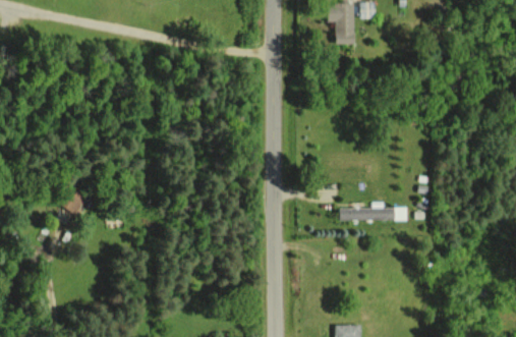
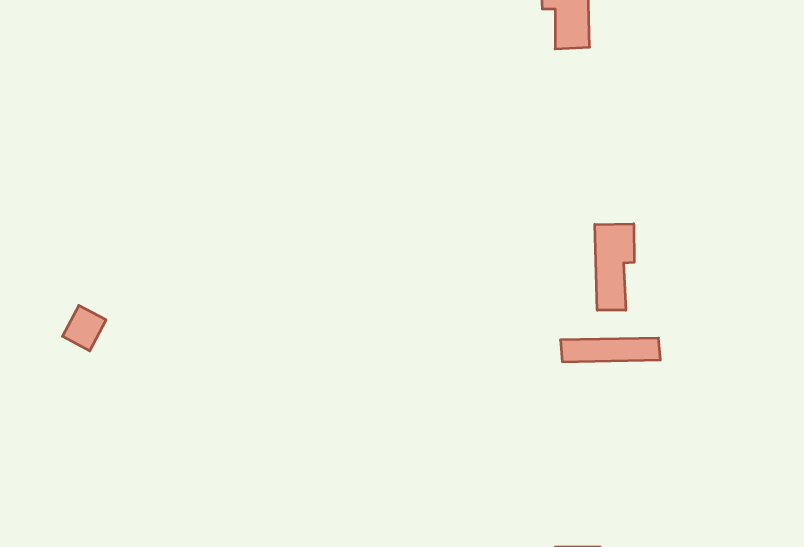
building: none -> [595,224,634,310]

